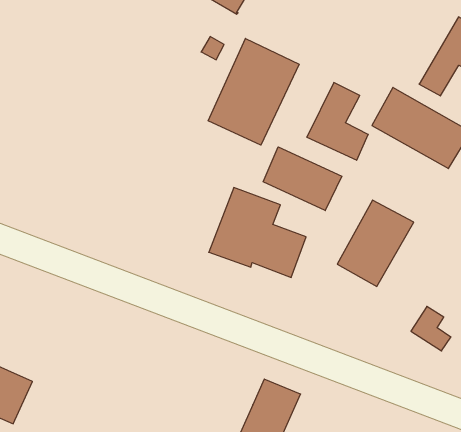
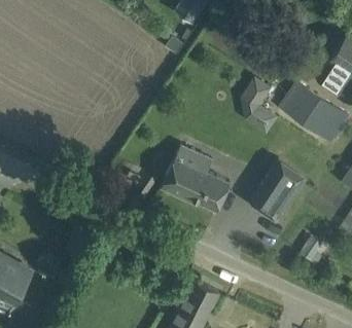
building: [208,38,299,145] -> none
building: [263,147,342,211] -> none

